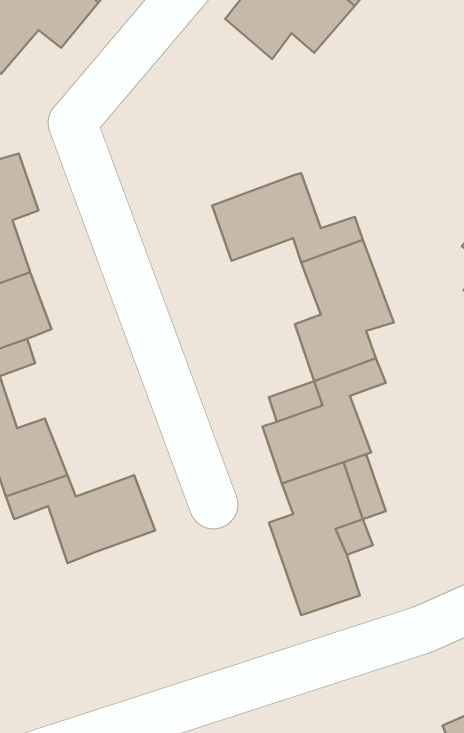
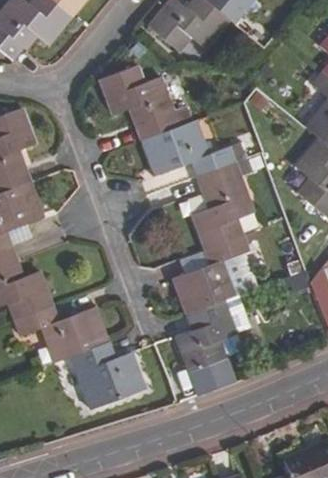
building: none -> [101,66,193,141]
building: none -> [71,341,143,407]

